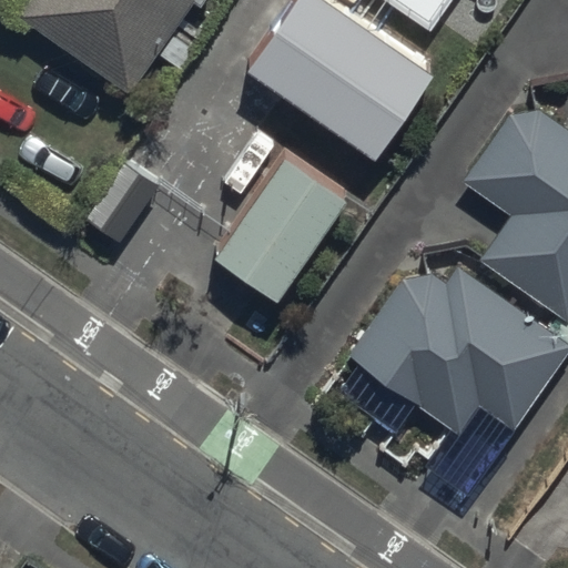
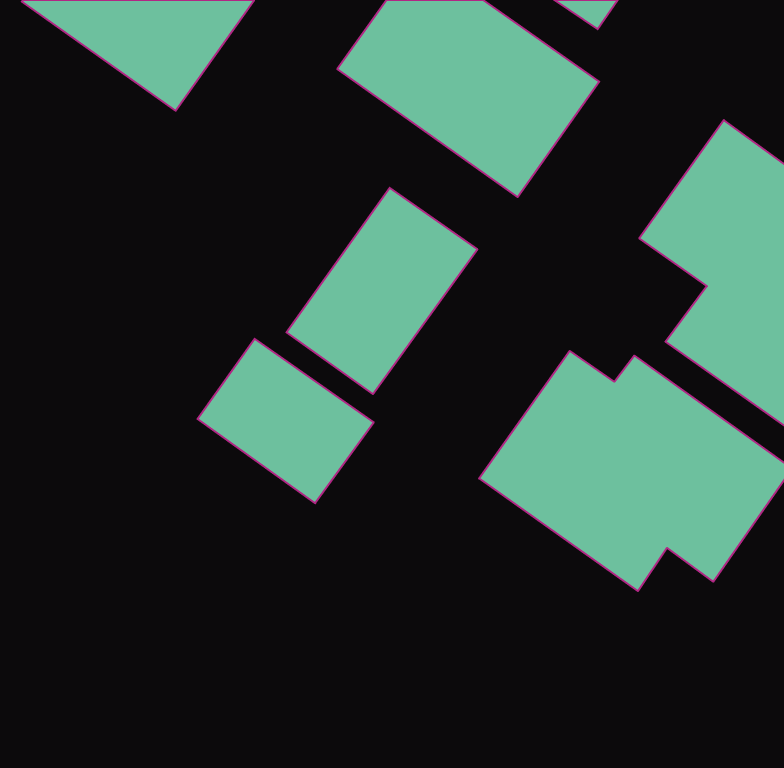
building: none -> [197,339,374,503]

